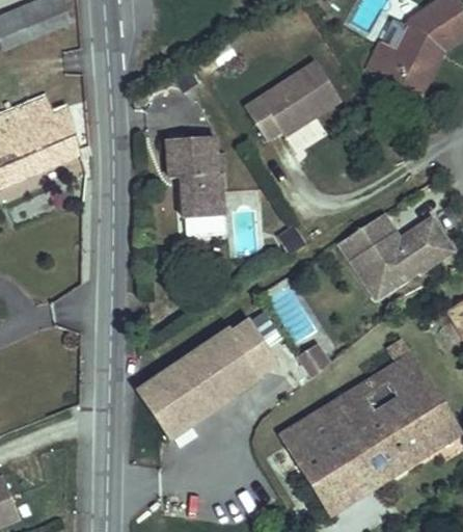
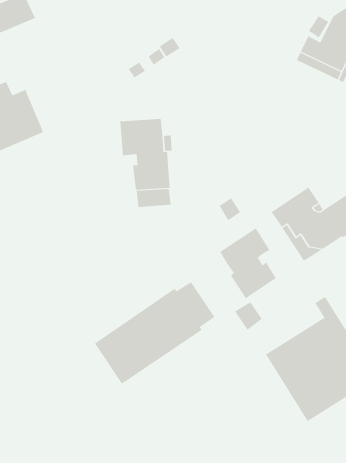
building: [245,60,341,140] -> none
building: none -> [219,228,276,299]
building: [279,403,380,513] -> none

